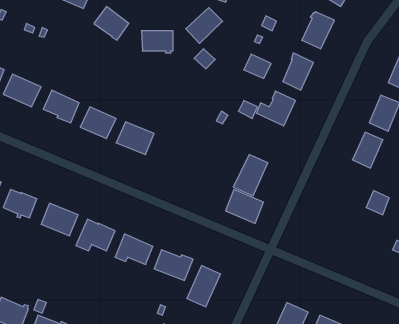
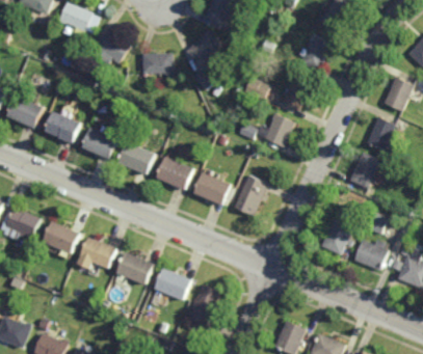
building: none -> [155,158,192,190]
building: [226,190,264,223] -> [192,173,230,207]
building: none -> [319,220,351,255]
building: none -> [352,241,387,270]

